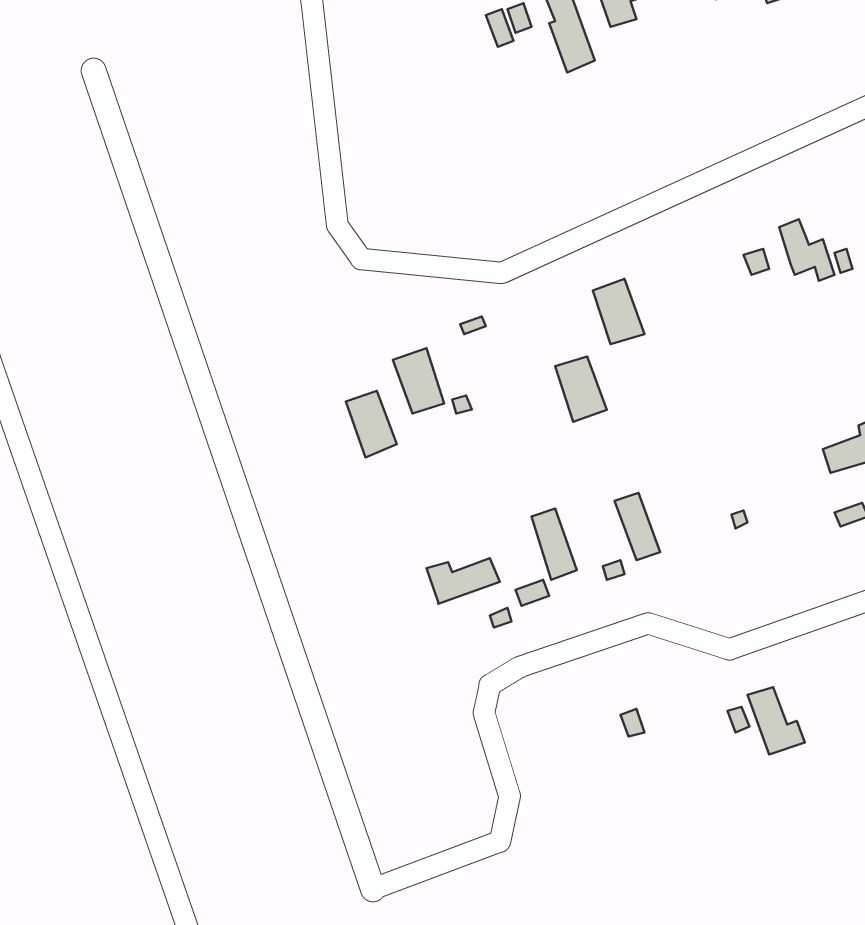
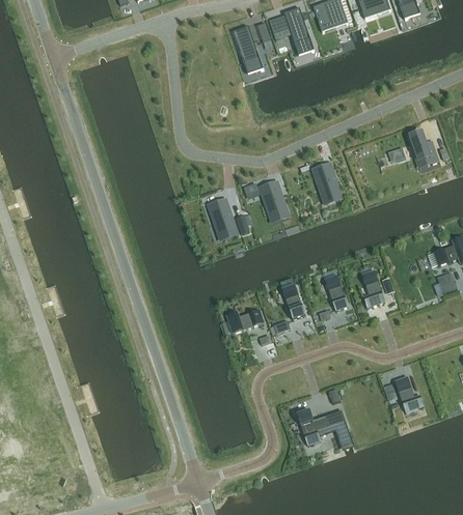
building: none -> [233,27,262,71]
building: [555,356,607,422] -> [260,181,287,216]
building: [346,391,397,457] -> none
building: none -> [361,269,385,308]
building: none -> [296,409,345,445]

